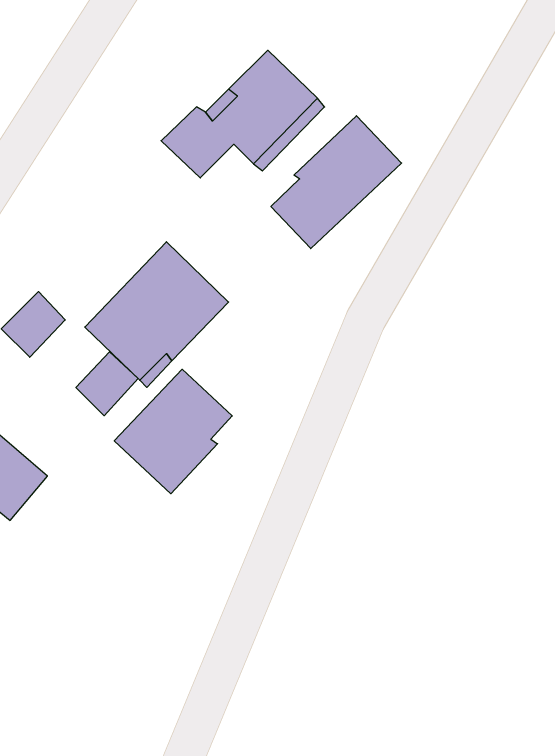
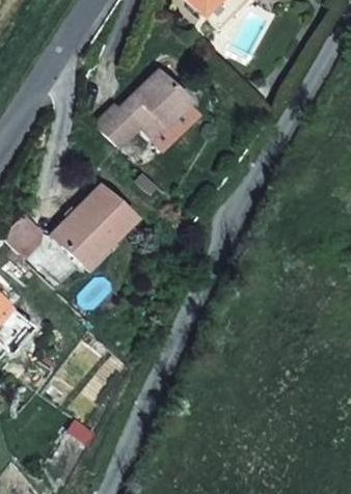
building: [271,116,402,249] -> none
building: [114,369,232,494] -> none

